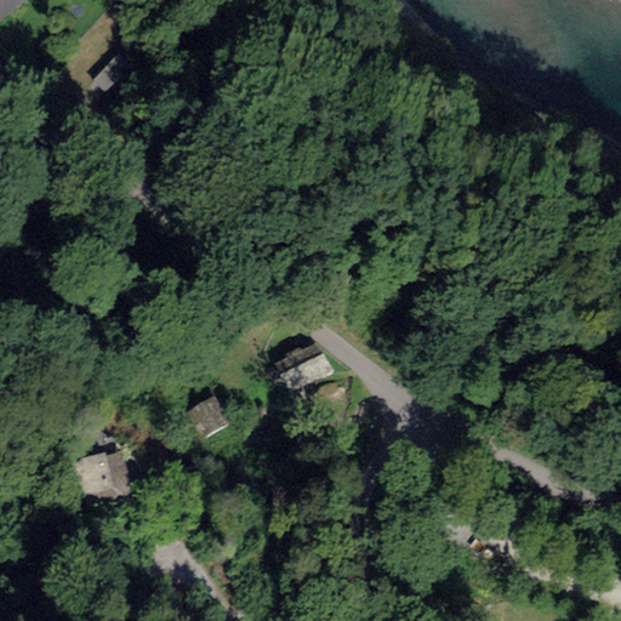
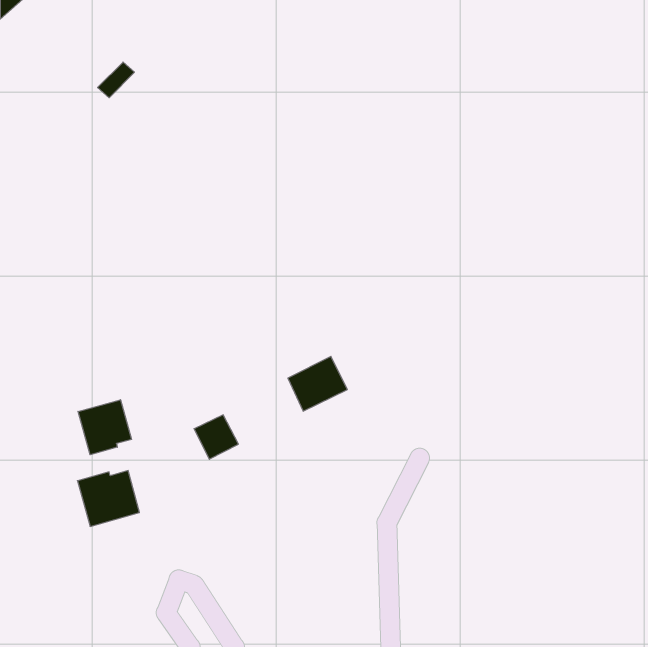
building: none -> [78,400,132,455]

